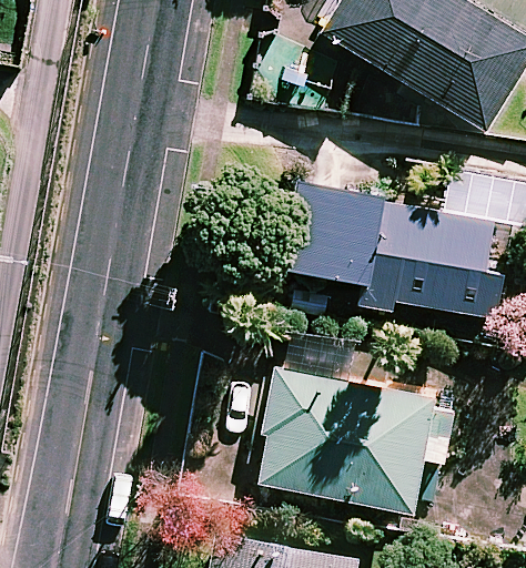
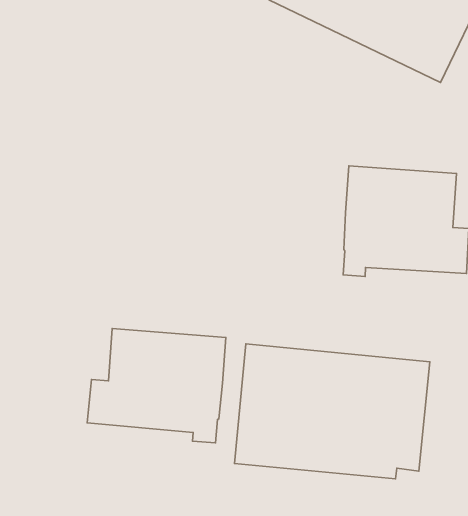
building: [284,184,382,284] -> none
building: none -> [87,329,226,443]

